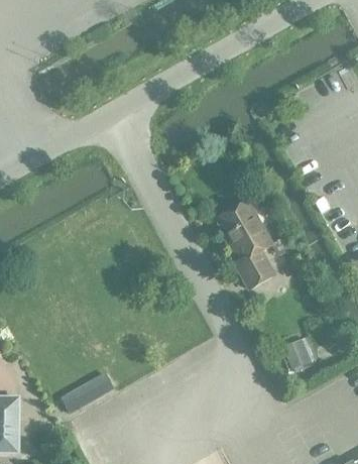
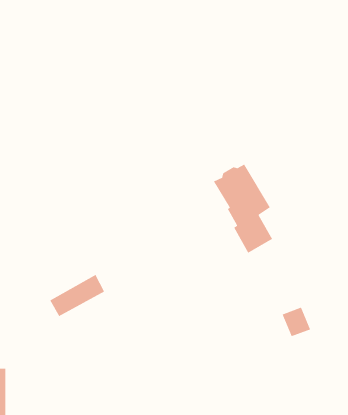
building: [62,371,115,413] -> [49,274,105,317]

